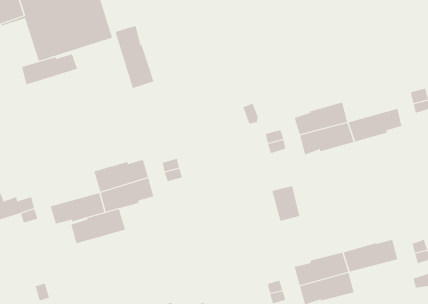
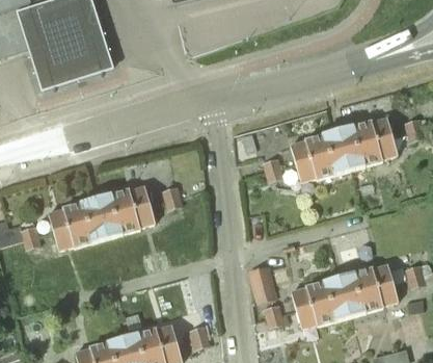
building: [115,25,154,89] -> none
building: [21,53,78,85] -> none
building: none -> [339,118,393,150]
building: [271,185,300,222] -> [248,265,276,301]
building: [71,209,126,244] -> [48,198,102,232]
building: none -> [345,284,398,316]

